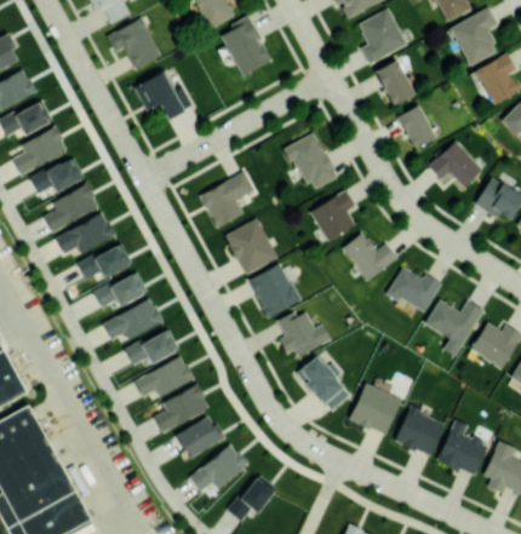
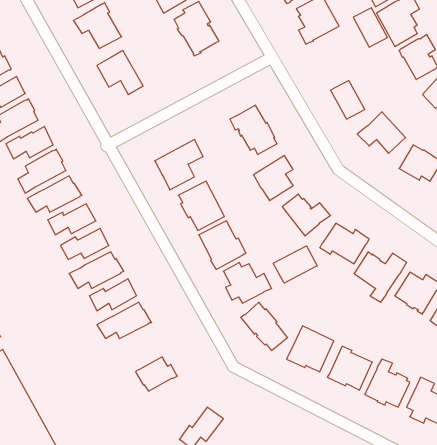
building: [376,61,414,105] -> [353,8,387,47]
building: none -> [273,246,317,283]
building: [154,384,208,433] -> none
building: [189,444,248,492] -> none

